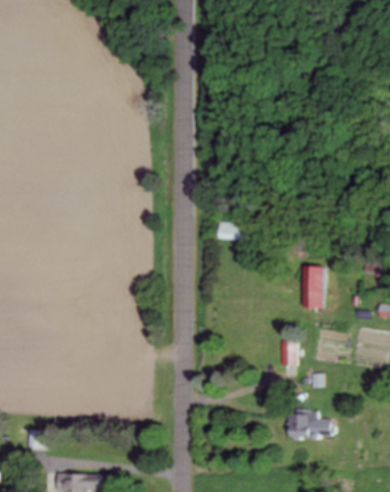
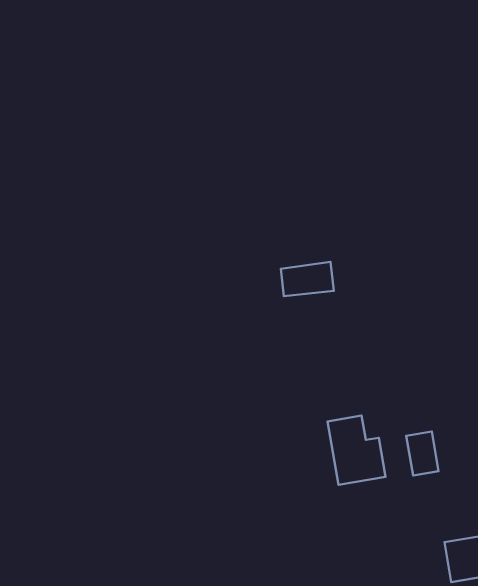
building: [303,267,323,308] -> none
building: none -> [328,416,386,485]

